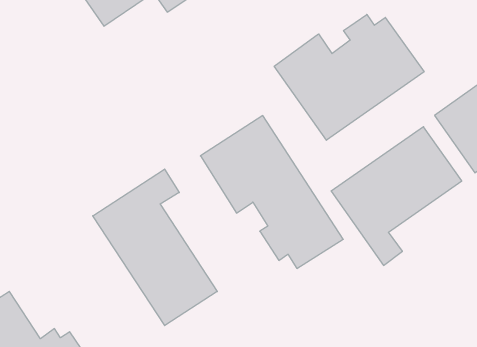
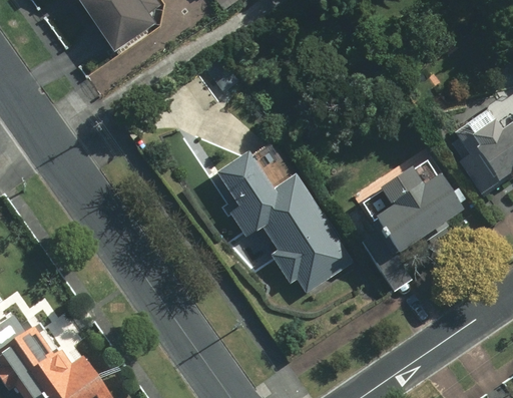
building: [274,14,424,140] -> none
building: [93,169,217,326] -> none

